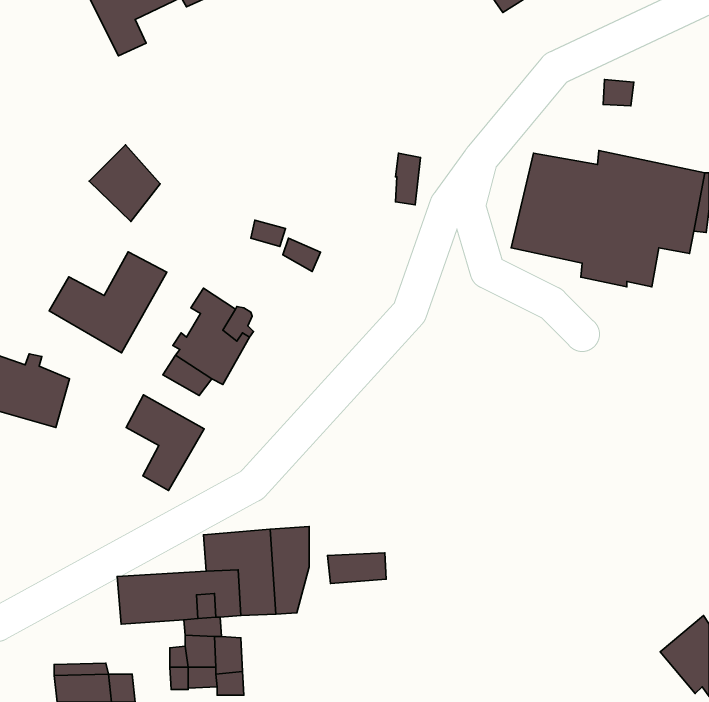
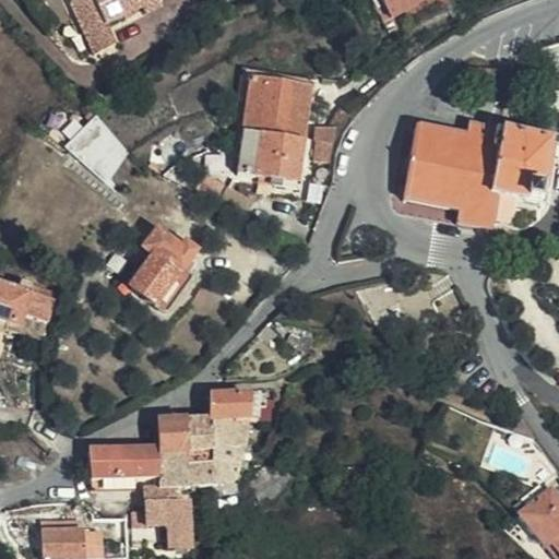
building: none -> [233,78,306,179]
building: [49,252,167,353] -> none
building: [126,395,204,491] -> none
building: [328,553,386,583] -> [210,391,255,415]

